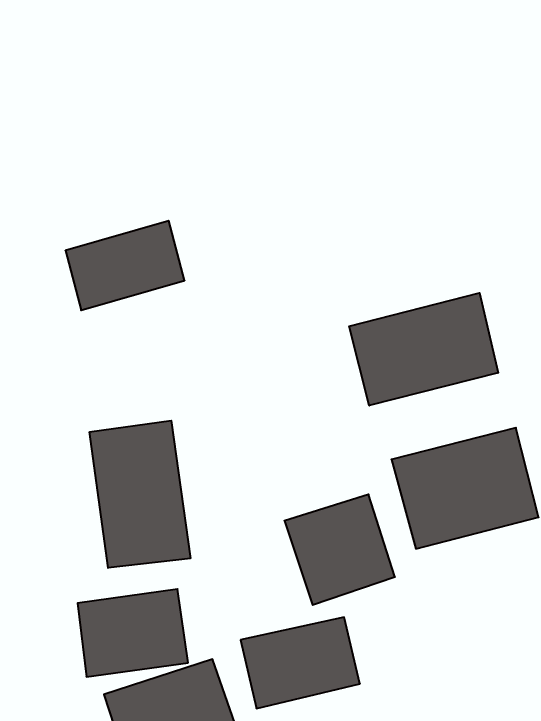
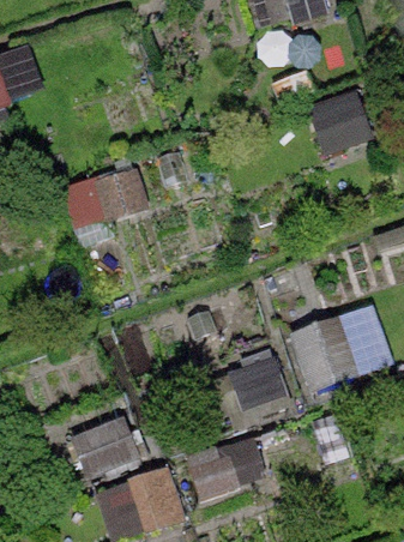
building: [349,293,498,406] -> none
building: [90,421,190,568] -> none

